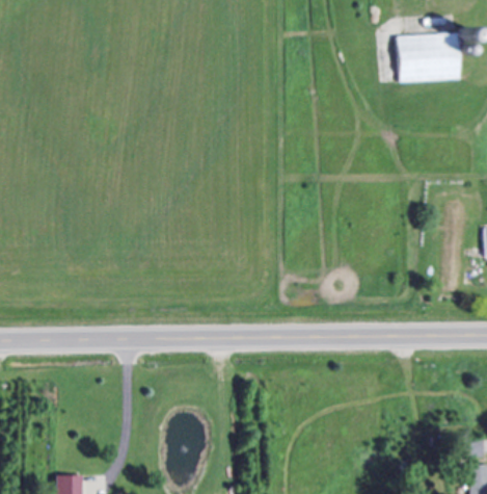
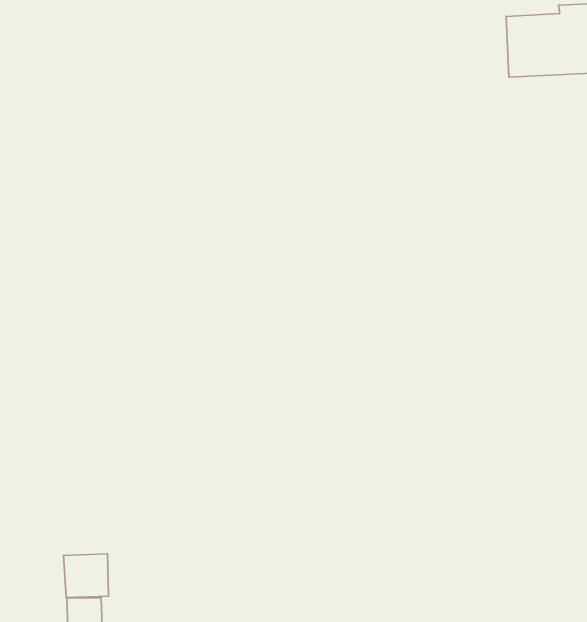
building: none -> [63,554,109,597]

